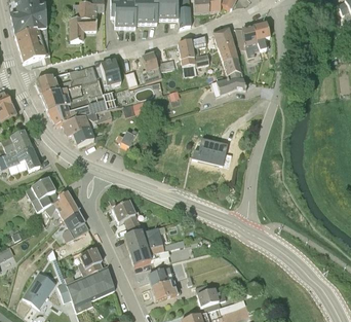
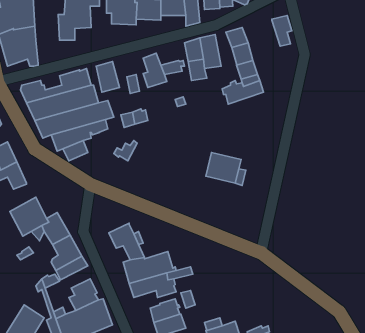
building: [235,24,261,53] -> none

